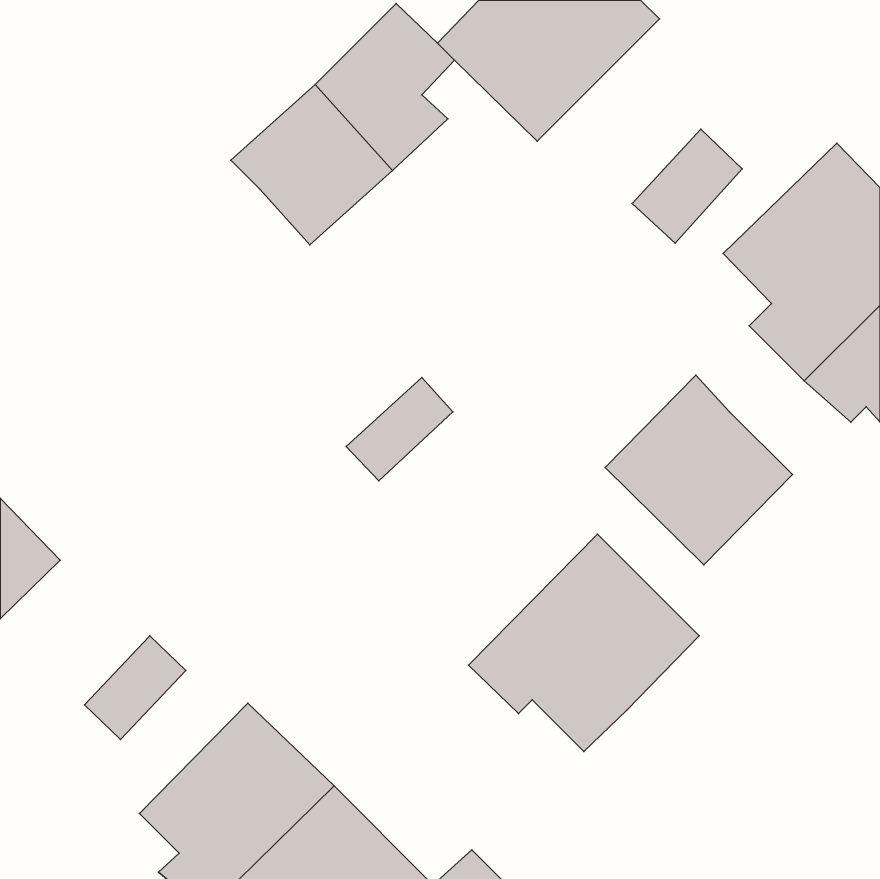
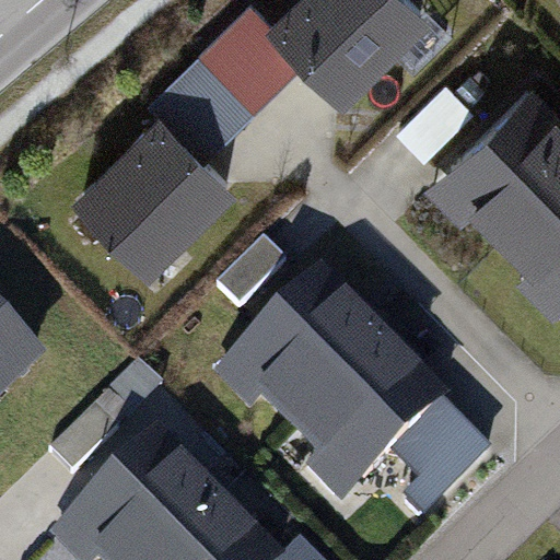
building: none -> [86,121,225,261]
building: [605,375,793,565] -> none
building: none -> [245,277,380,423]
building: none -> [398,405,491,516]

